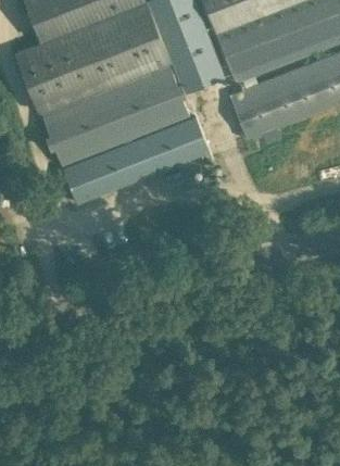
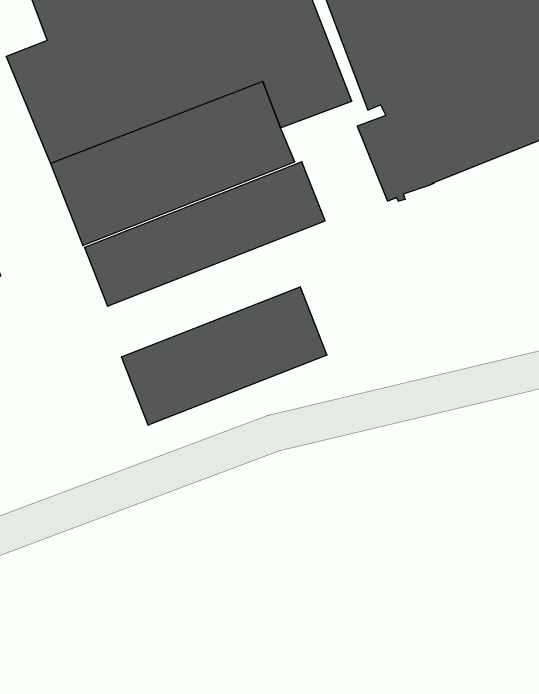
building: none -> [122,287,327,425]

